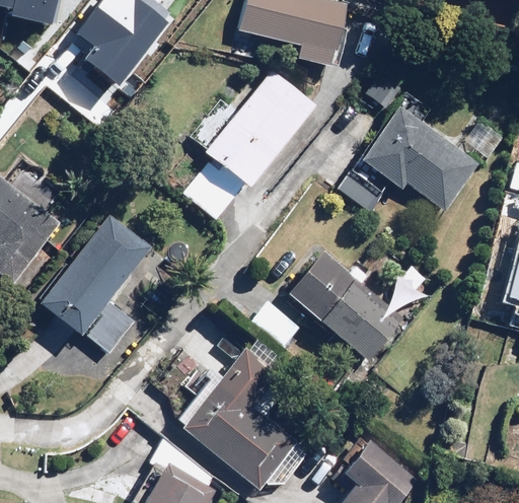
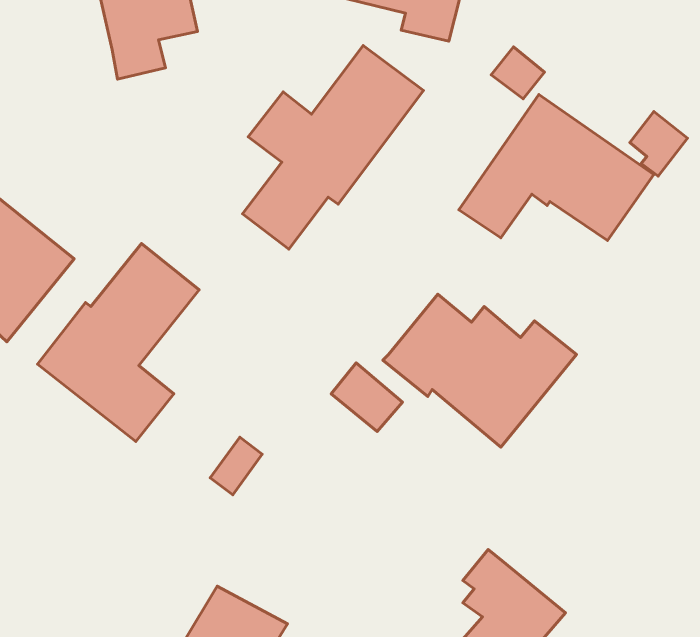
building: [176,337,311,492] -> none

